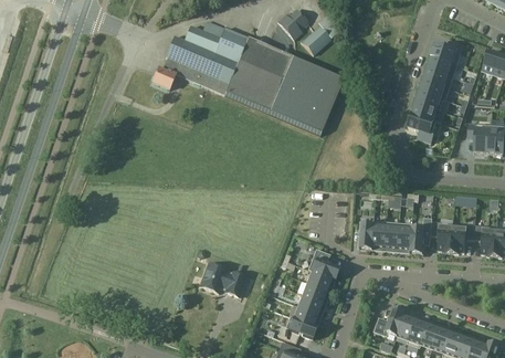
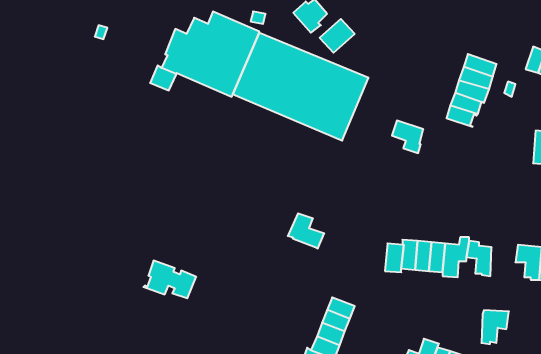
building: [431,40,463,65] -> none
building: [408,113,435,141] -> [392,120,423,153]
building: [467,123,491,152] -> none
building: [451,223,475,253] -> [481,310,509,344]
building: [307,249,339,280] -> [288,213,324,248]
building: [199,262,245,295] -> [143,261,196,298]

